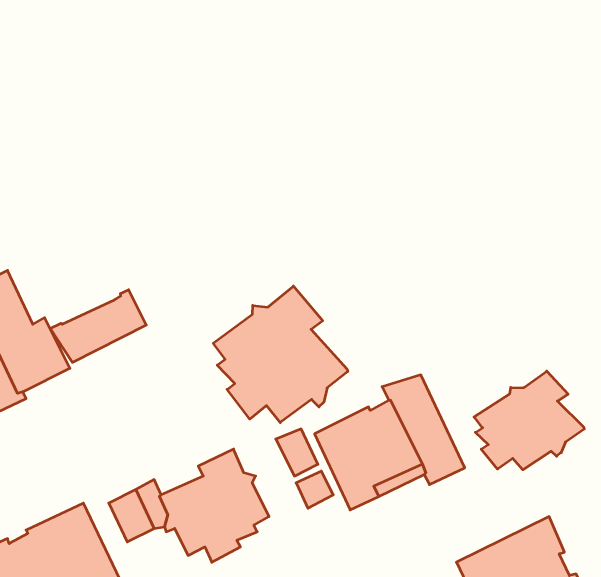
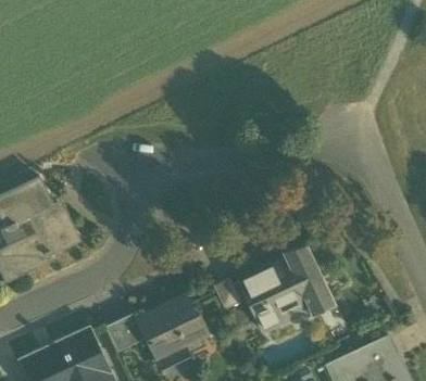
building: [213,286,348,423] -> none
building: [50,290,146,362] -> none
building: [474,371,584,470] -> none

